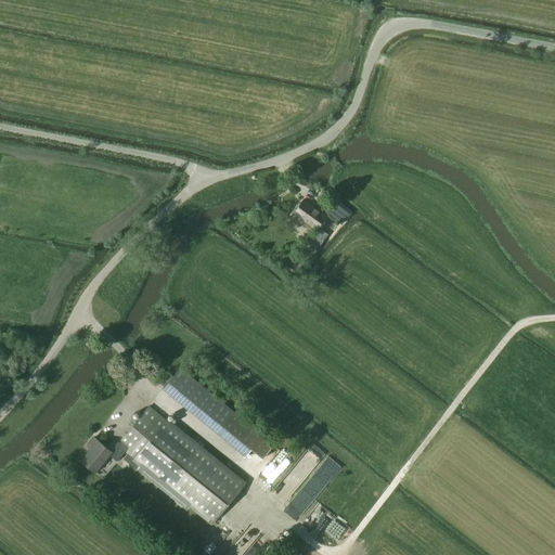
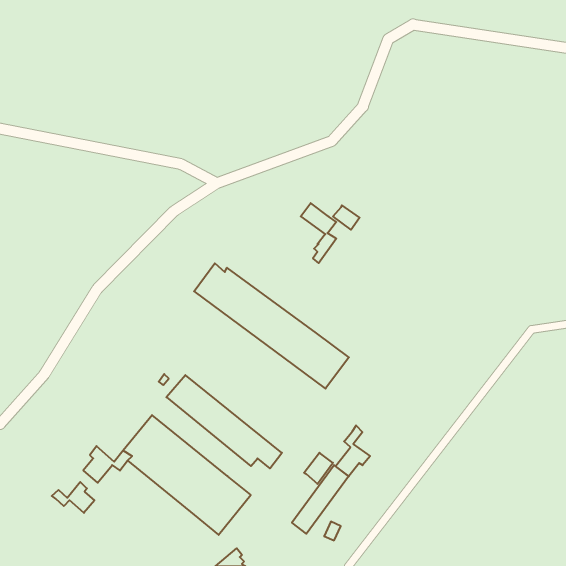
building: none -> [194,263,349,389]
building: none -> [336,425,370,476]
building: none -> [52,482,94,513]

